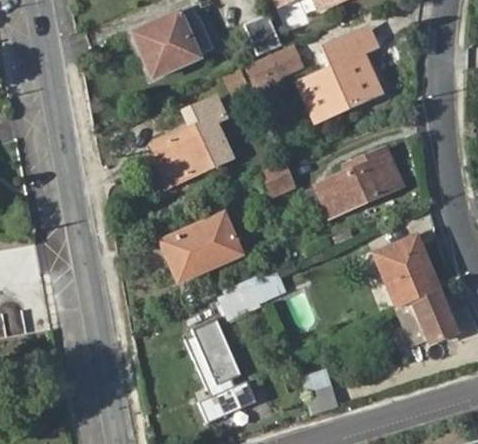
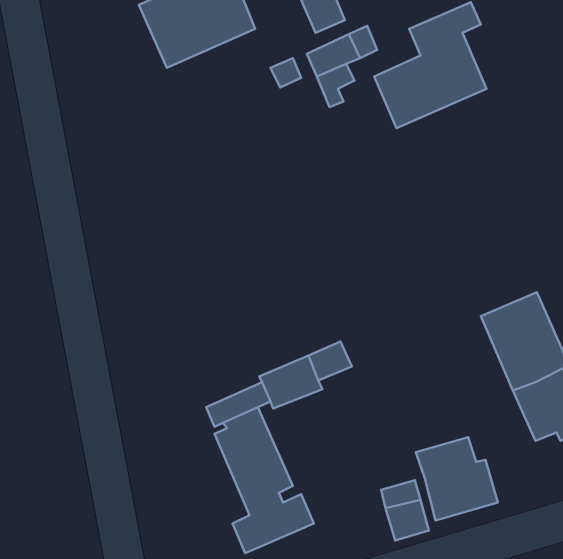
building: [157,99,231,183] -> none
building: [306,147,404,219] -> none
building: [257,160,295,198] -> none
building: [162,214,241,281] -> none
building: none -> [416,437,498,521]

